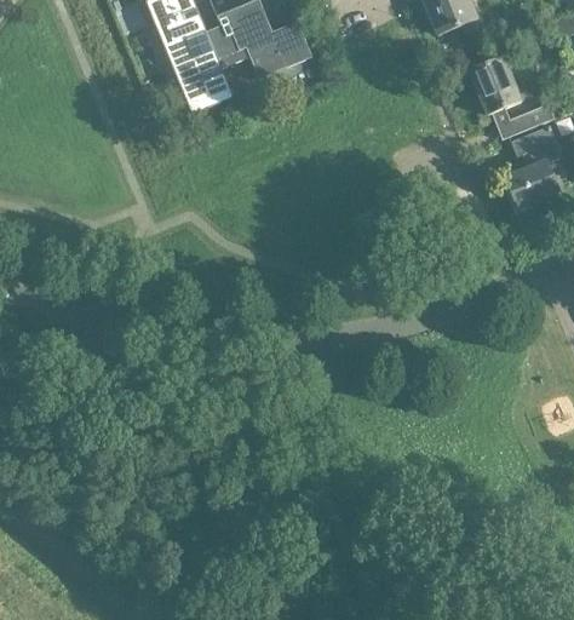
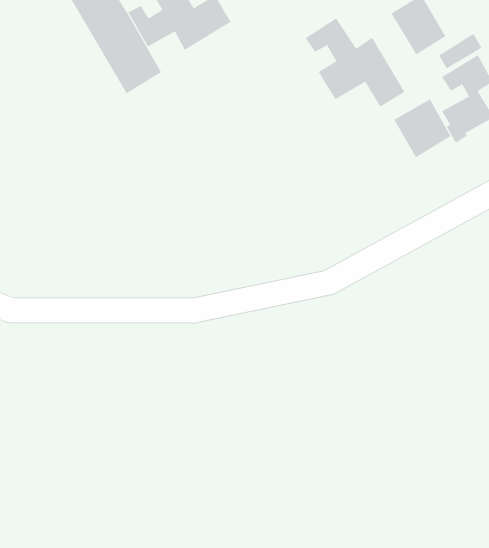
building: none -> [305,17,405,108]
building: none -> [394,99,451,158]

